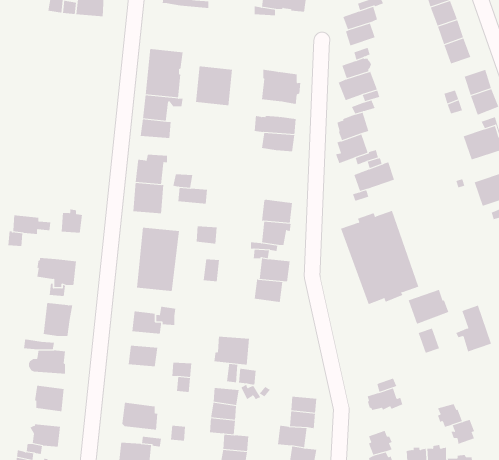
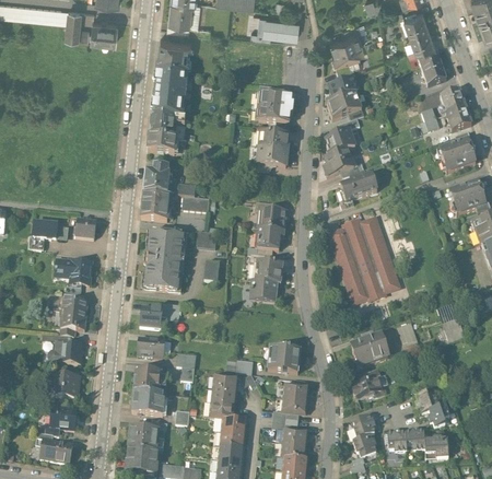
building: [195,66,233,106] -> [156,38,190,74]
building: [408,289,449,324] -> [352,334,389,365]
building: [213,336,250,365] -> [267,346,300,372]
building: none -> [133,369,161,393]

